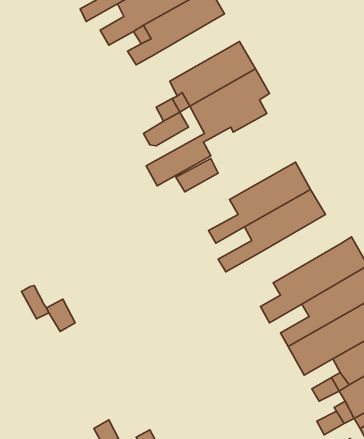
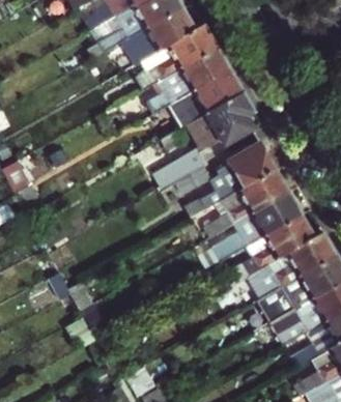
building: none -> [149,46,230,112]
building: none -> [186,141,277,217]
building: none -> [226,212,315,284]

